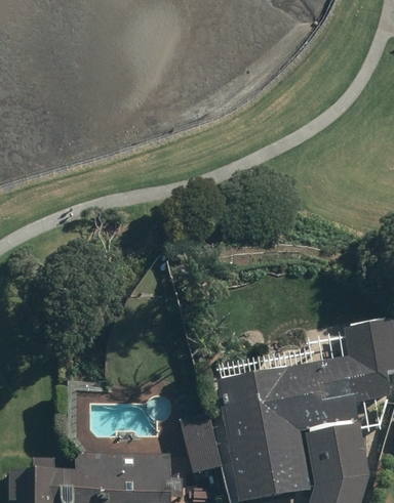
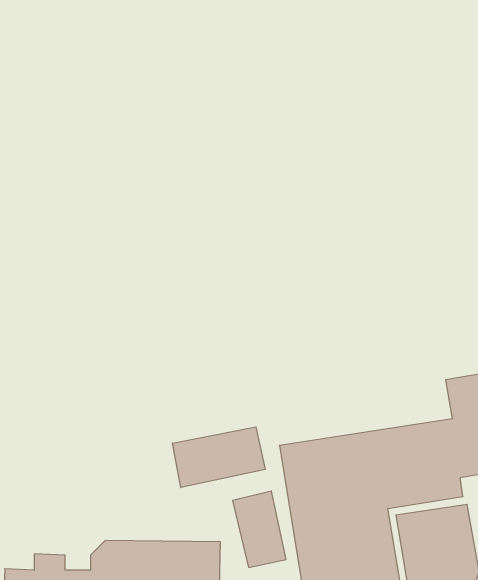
building: none -> [172,427,265,488]

